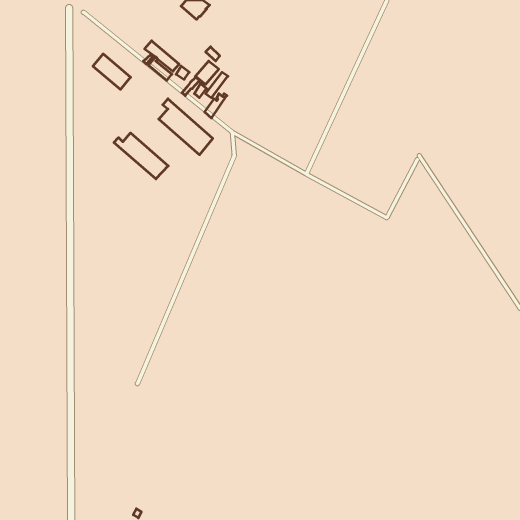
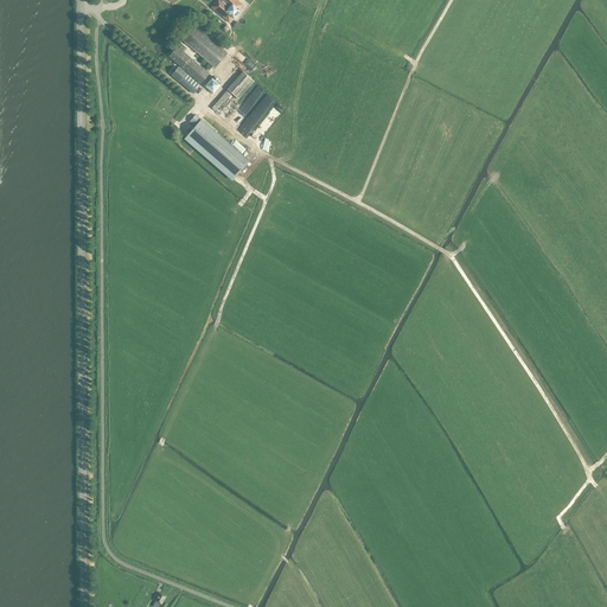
building: [93,54,131,89] -> [183,26,226,68]
building: [114,133,168,179] -> none

